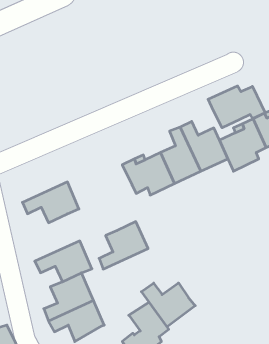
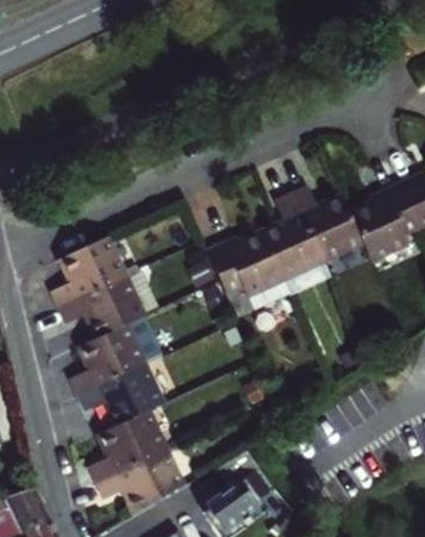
building: [208,86,265,128] -> none
building: none -> [51,237,124,307]
building: [99,222,148,269] -> [70,323,142,393]
building: [141,283,195,327] -> none

